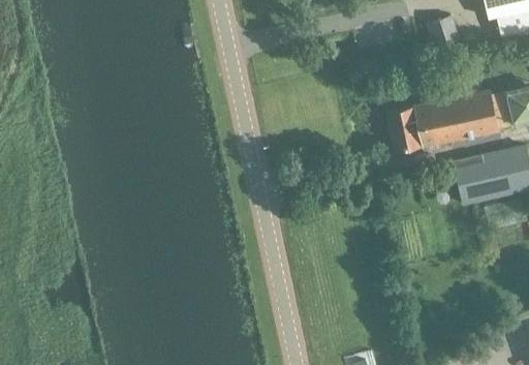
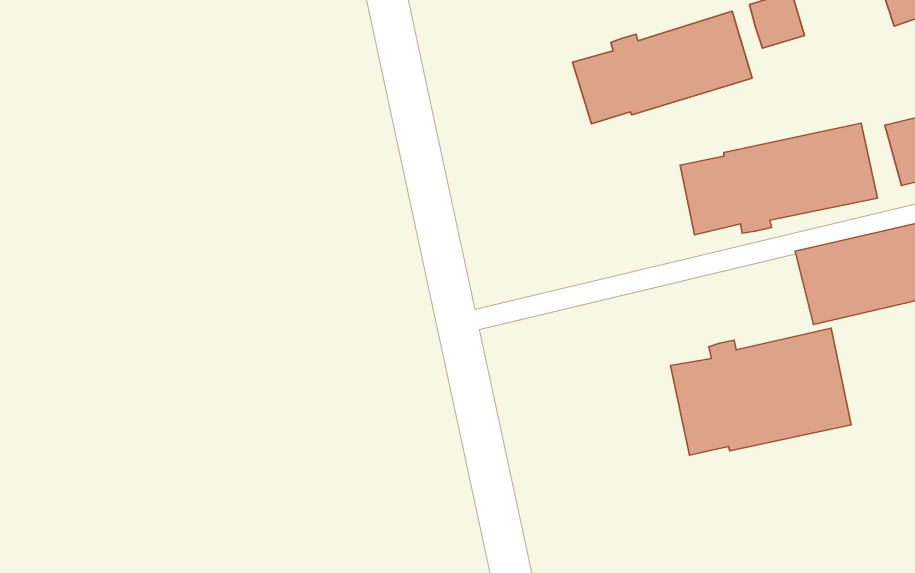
building: none -> [573,11,752,124]
building: none -> [670,328,851,455]

